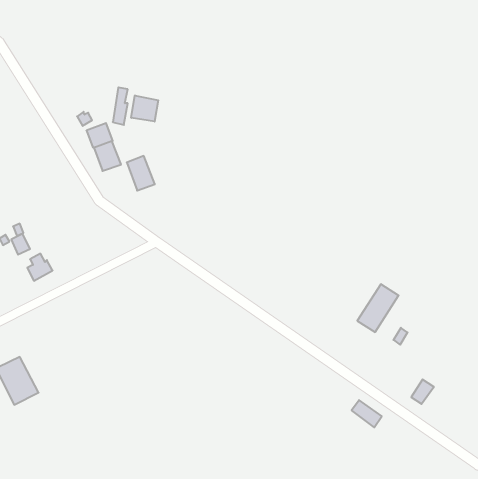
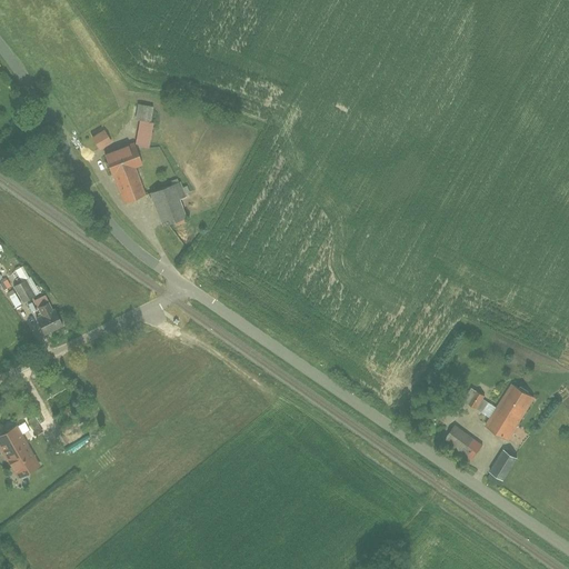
building: [131,95,158,122] -> none
building: [357,284,399,332] -> [487,381,536,438]
building: [352,400,382,427] -> [446,427,481,459]

